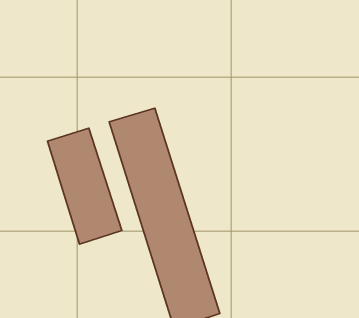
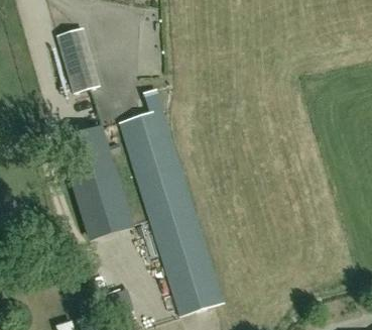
building: none -> [56,28,97,93]

